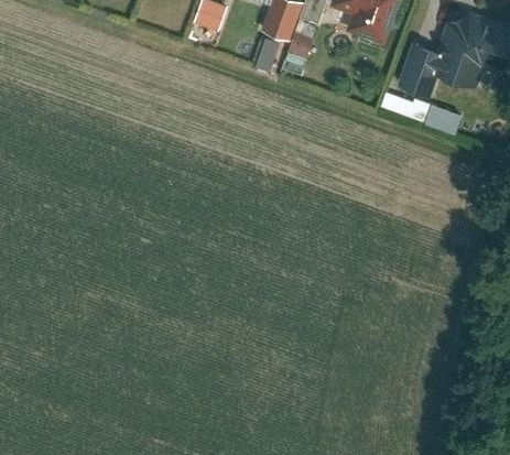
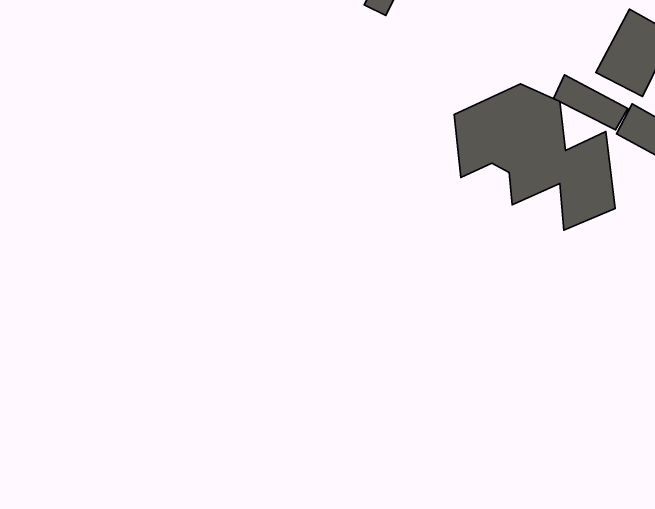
building: none -> [454,84,615,230]

